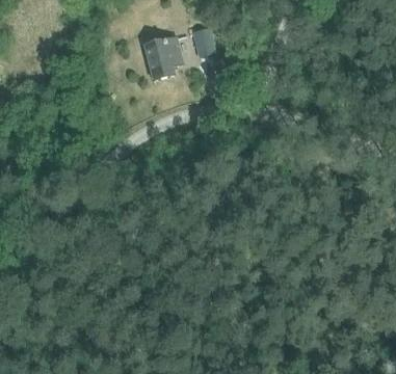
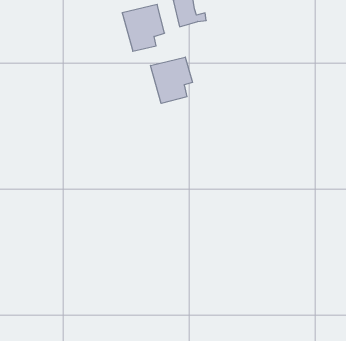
building: none -> [151,57,193,103]

